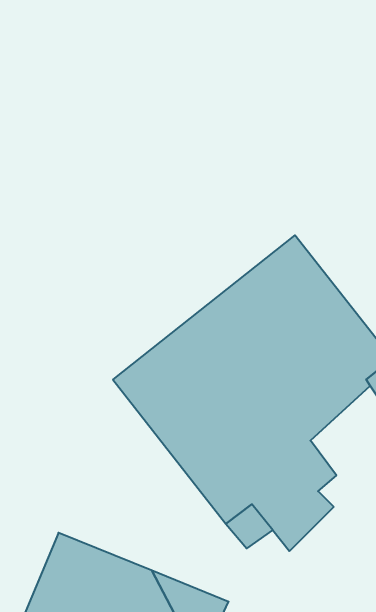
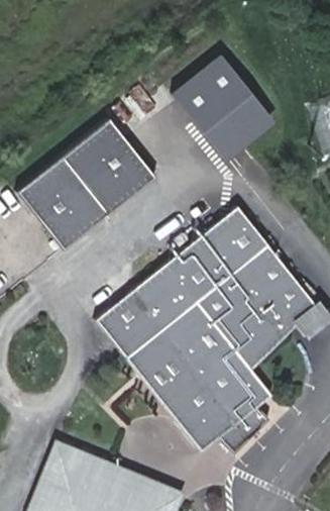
building: none -> [176,57,274,159]
building: none -> [17,119,155,248]

